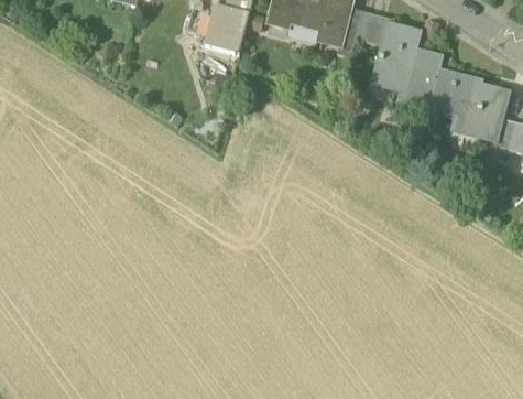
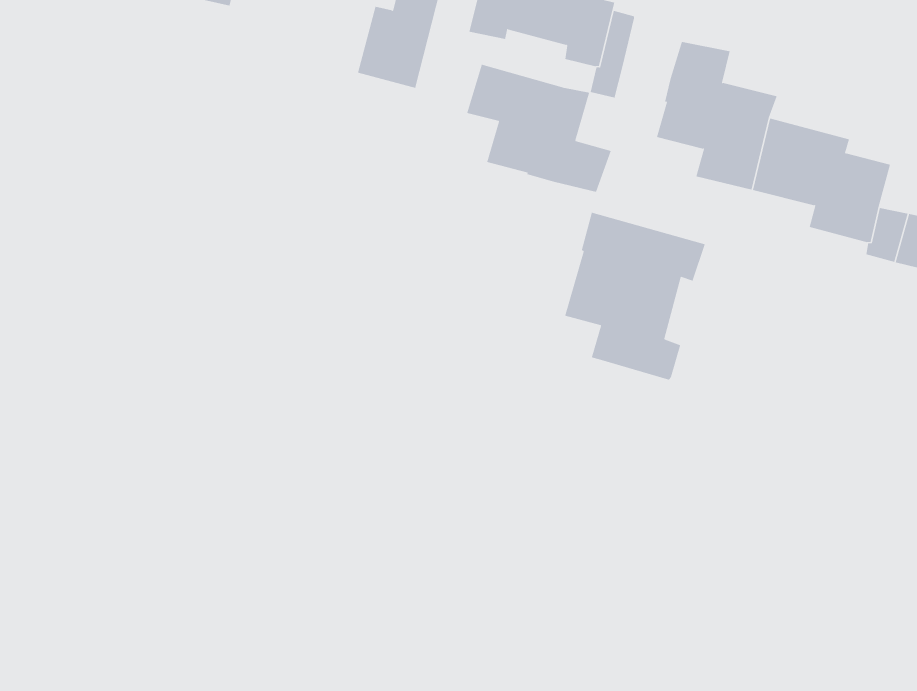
building: [356,11,391,45] -> none
building: none -> [467,64,612,193]
building: none -> [565,212,705,381]

